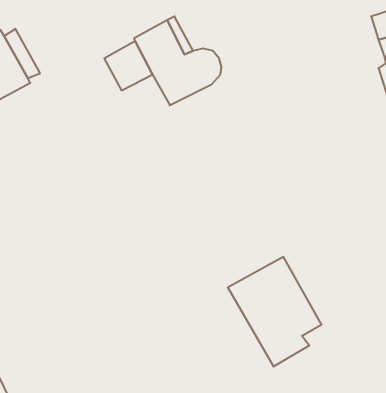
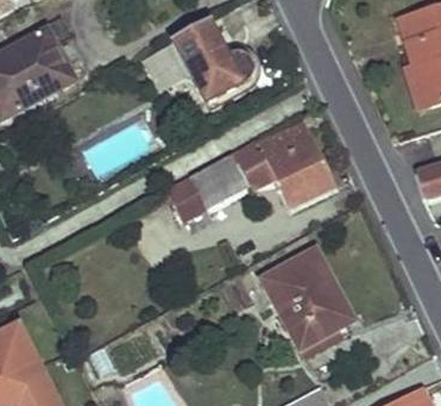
building: none -> [168,121,333,219]

